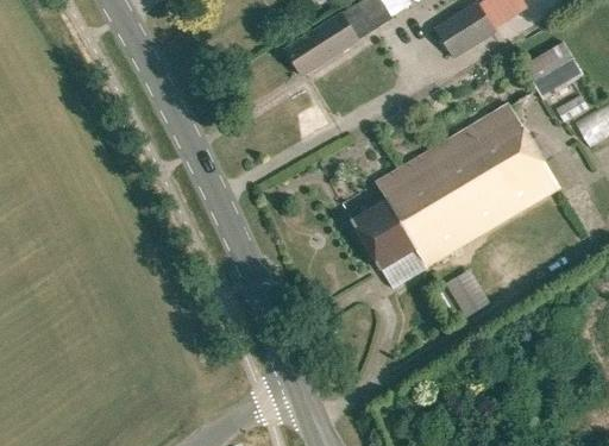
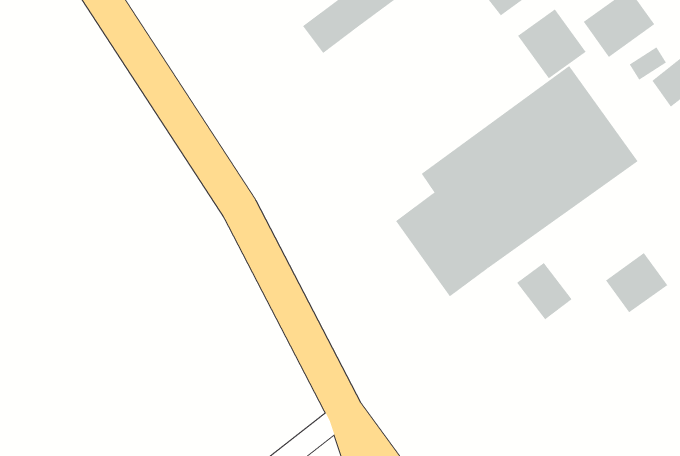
building: none -> [517,9,587,79]
building: none -> [605,252,668,313]

